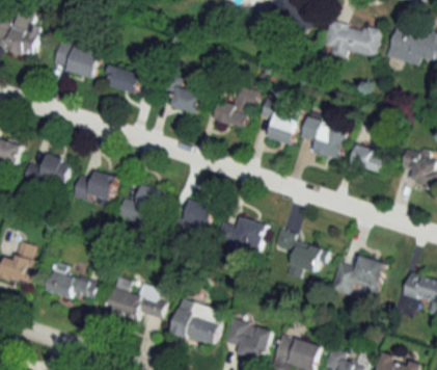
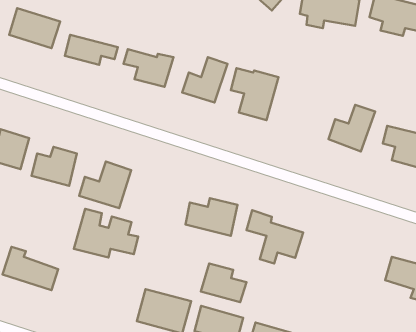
building: [302,114,348,158] -> none
building: [183,199,214,229] -> none
building: [330,255,385,295] -> none
building: [105,275,165,321] -> [74,209,138,258]
building: none -> [201,263,246,302]

